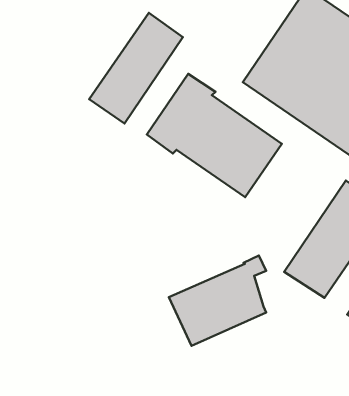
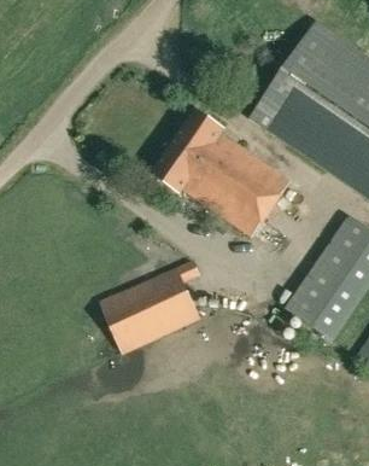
building: [89,13,183,123] -> none
building: [169,256,266,346] -> [99,257,198,349]

